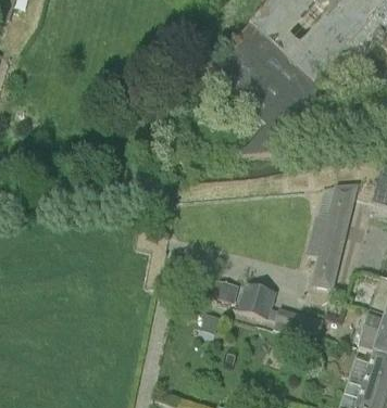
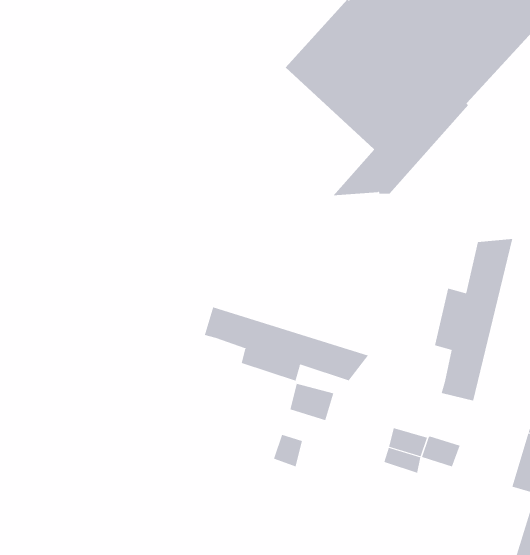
building: none -> [204,307,369,381]
building: [237,281,276,318] -> none

